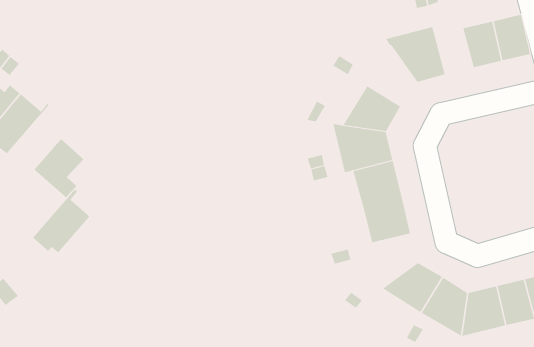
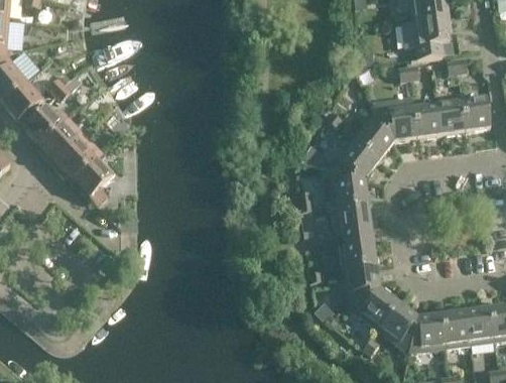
building: none -> [414,100,442,136]
building: none -> [354,108,395,158]
building: [32,188,90,253] -> [53,126,103,177]
building: none -> [344,263,380,305]

